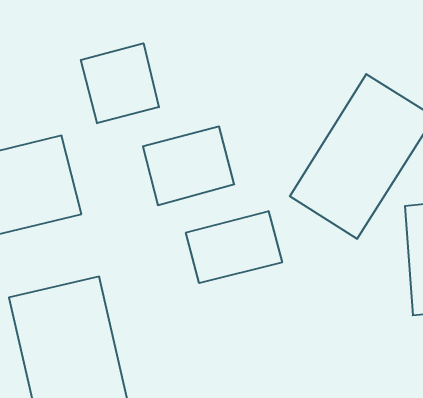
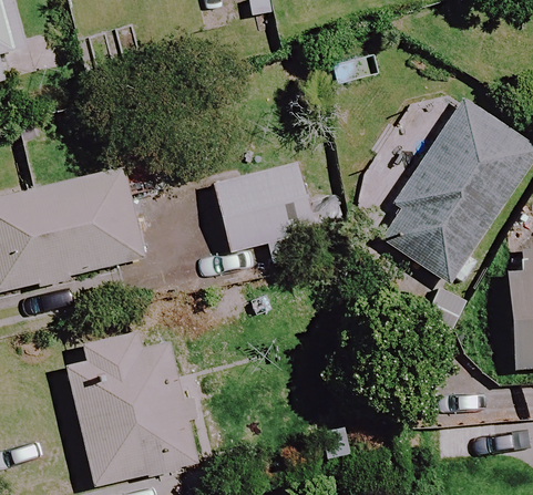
building: [81,43,159,123] -> none
building: [186,211,282,283] -> none

